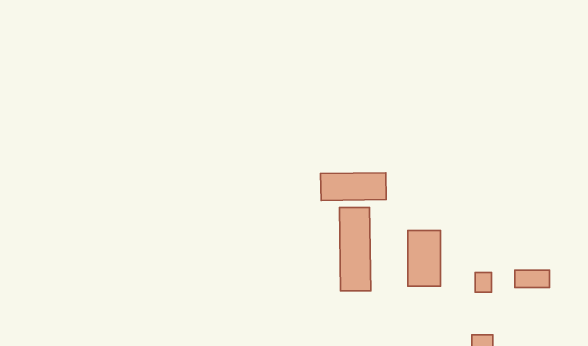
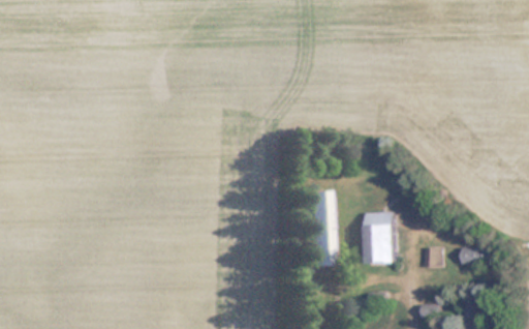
building: [321,173,386,200] -> none

